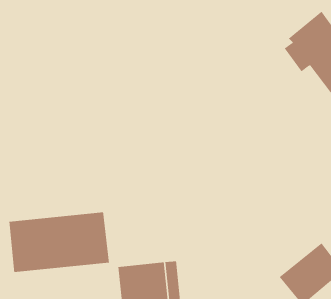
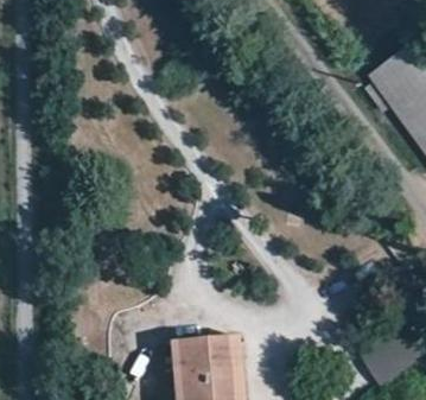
building: [9,212,110,273] -> none

